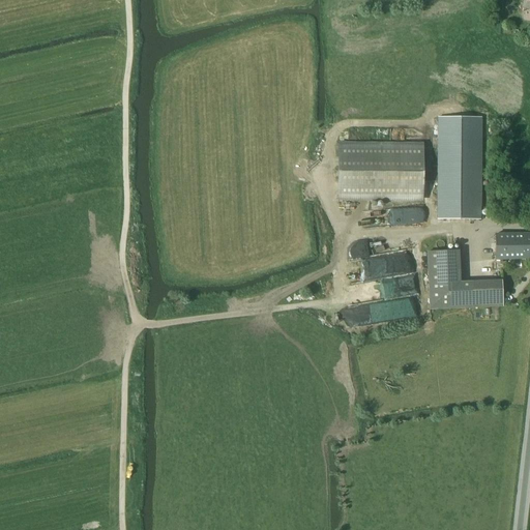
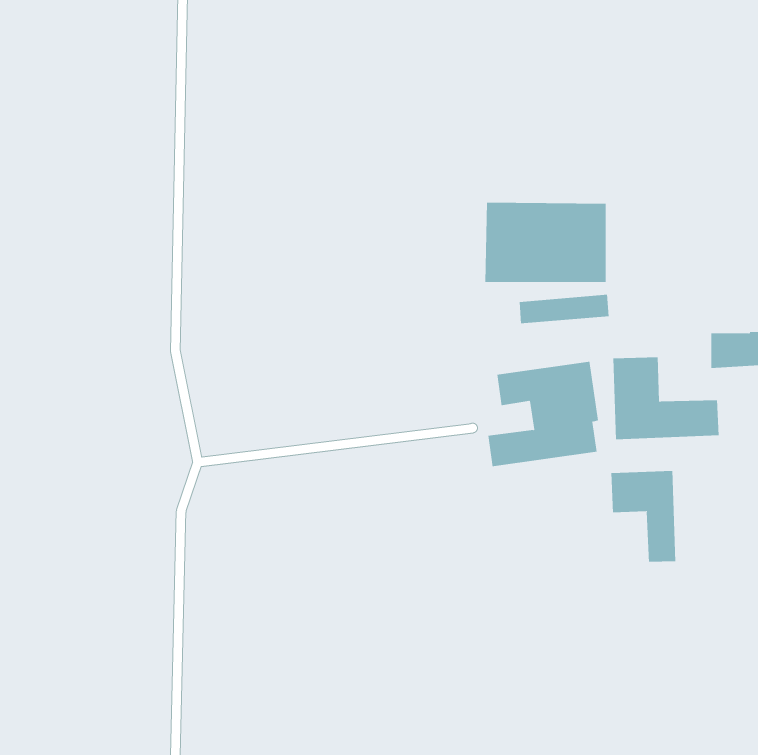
building: [438,115,482,217] -> none
building: none -> [611,470,676,563]

